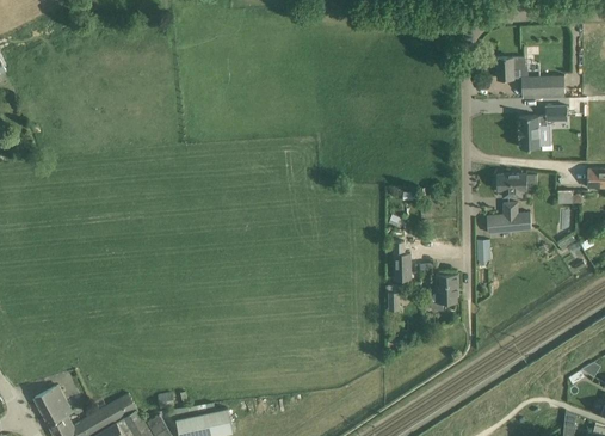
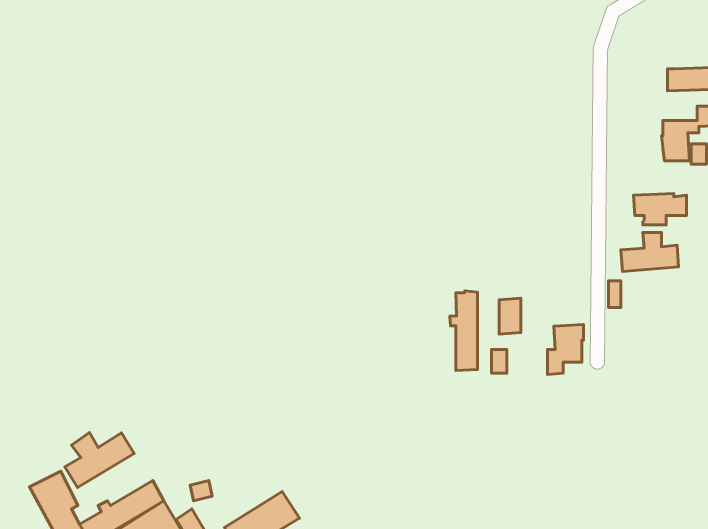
building: [498,57,527,79] -> none
building: none -> [450,291,477,370]
building: none -> [65,432,134,487]

